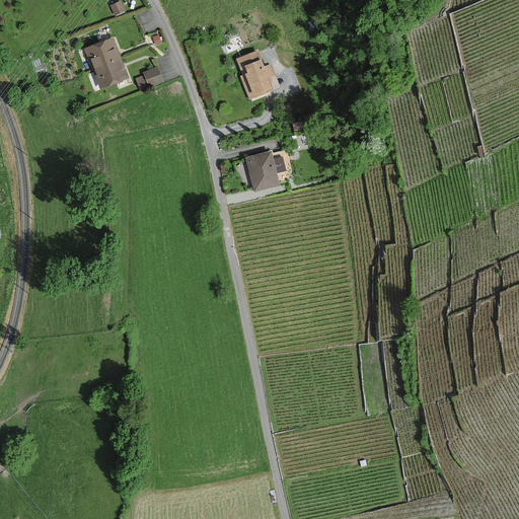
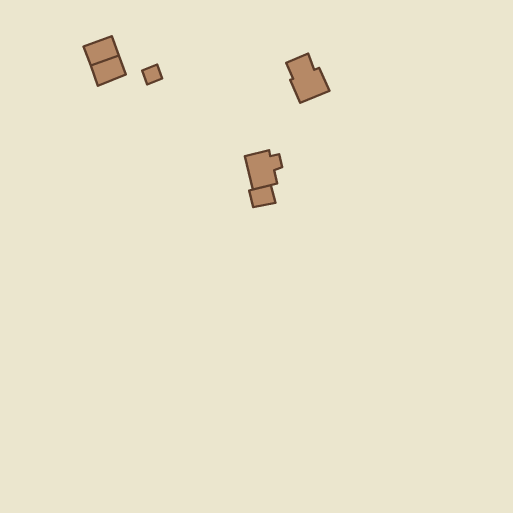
building: [236,50,280,99] -> [286,54,329,103]
building: none -> [249,185,275,207]

